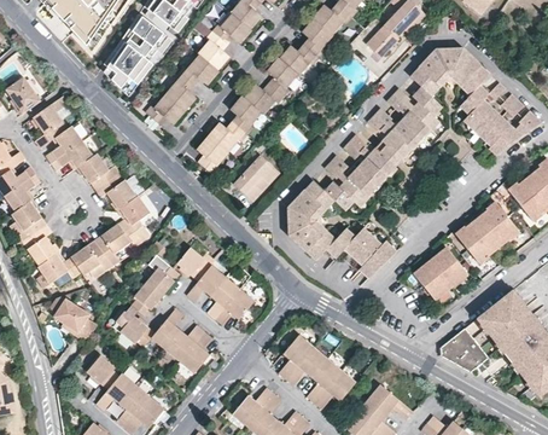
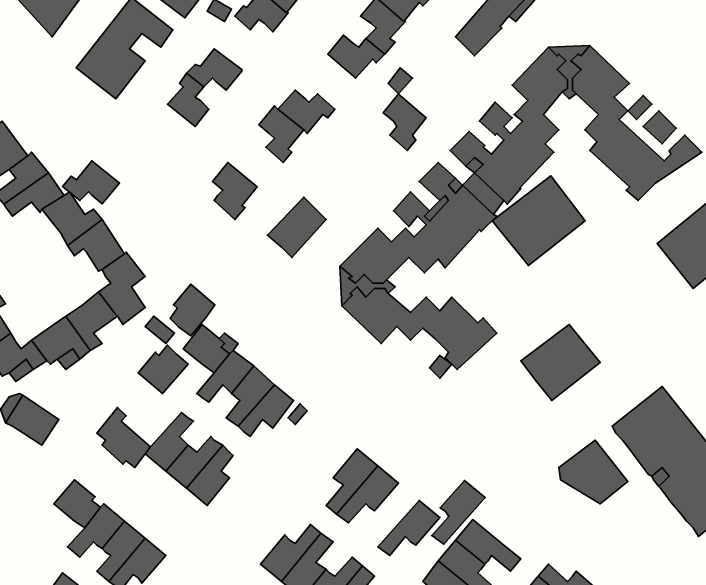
building: [199,30,229,68] -> none
building: [267,56,297,95] -> [383,94,426,151]
building: [146,92,186,122] -> [63,161,120,204]
building: [209,120,247,150] -> none
building: [456,201,521,263] -> [492,176,585,266]
building: [132,280,163,317] -> [170,284,215,336]
building: [305,358,343,402] -> [432,480,485,544]

